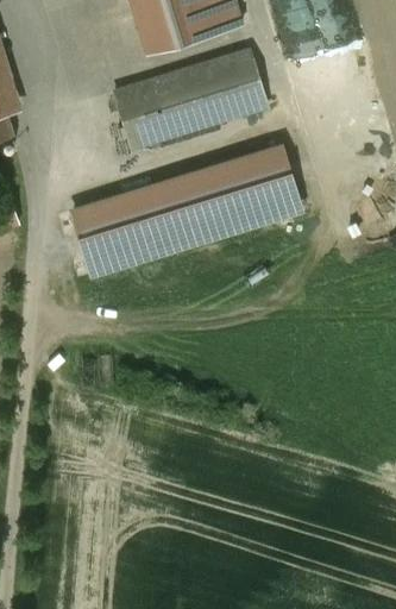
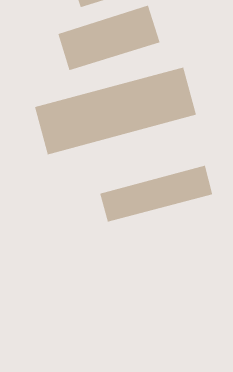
building: none -> [100,165,213,222]

